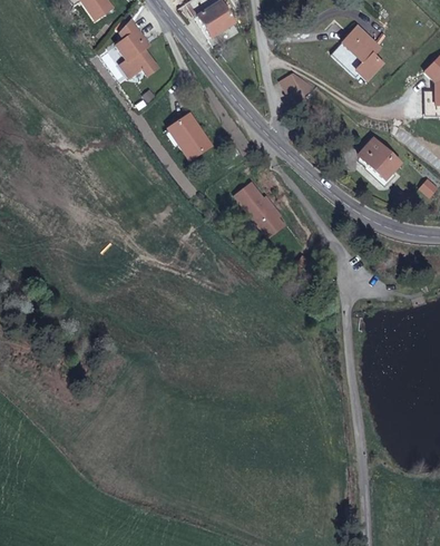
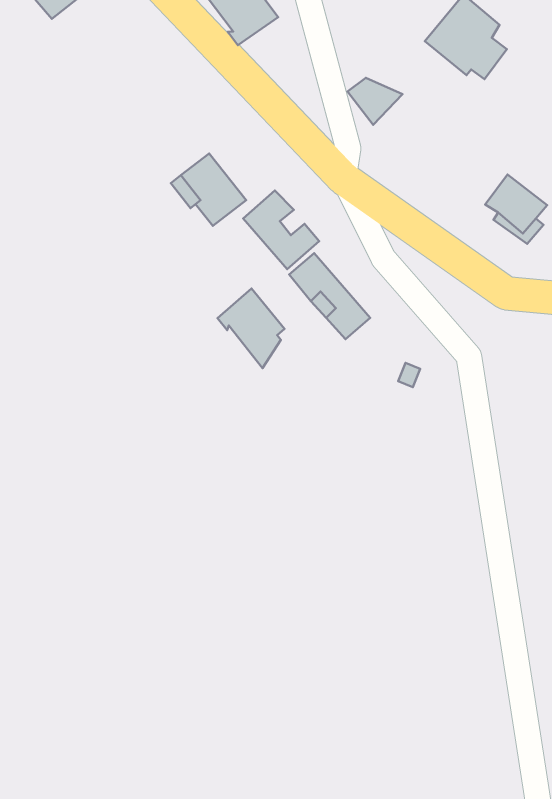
building: [109,20,158,77] -> none
building: none -> [243,191,319,269]
building: none -> [217,288,284,368]

